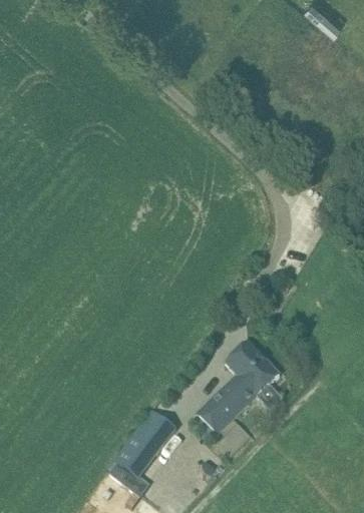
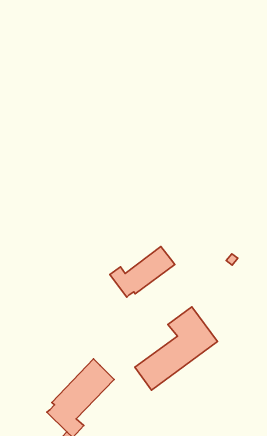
building: none -> [110,246,175,297]

